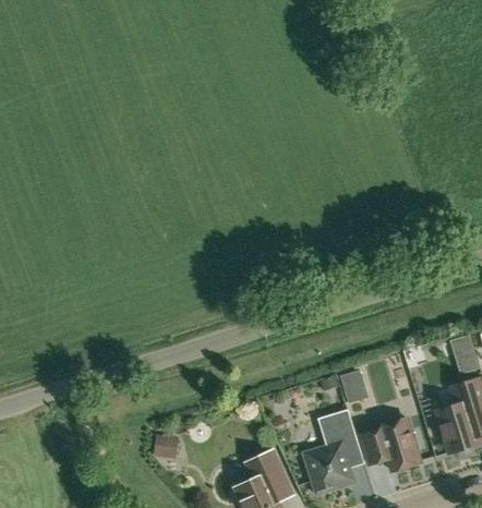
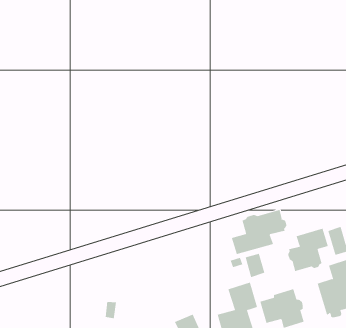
building: none -> [231,209,287,255]
building: none -> [288,228,328,272]

